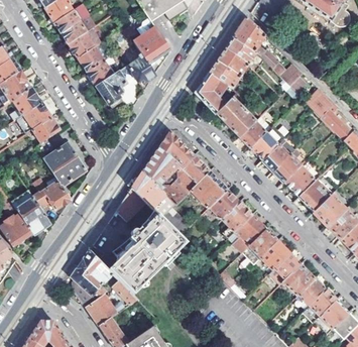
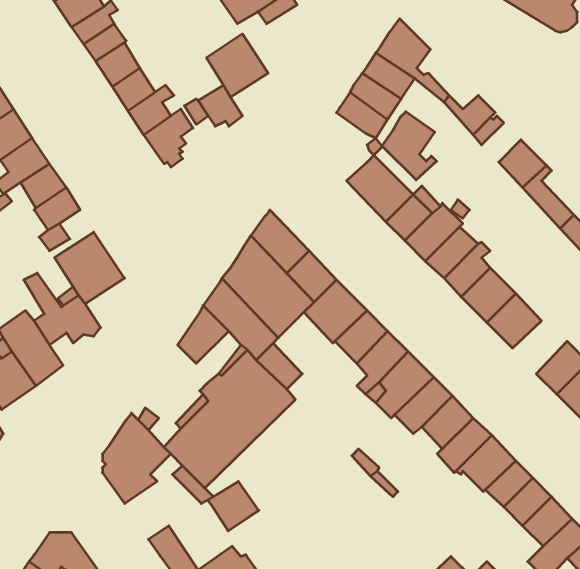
building: [196,73,228,113] -> [382,112,437,180]
building: [314,194,346,227] -> none
building: [87,296,117,325] -> [208,481,259,531]

